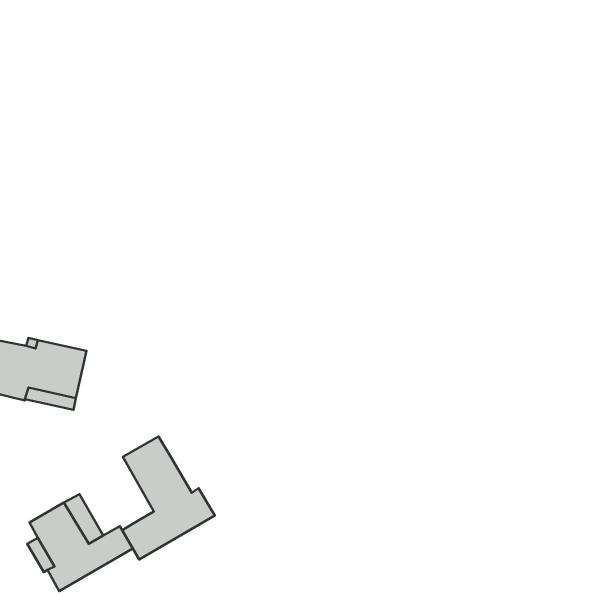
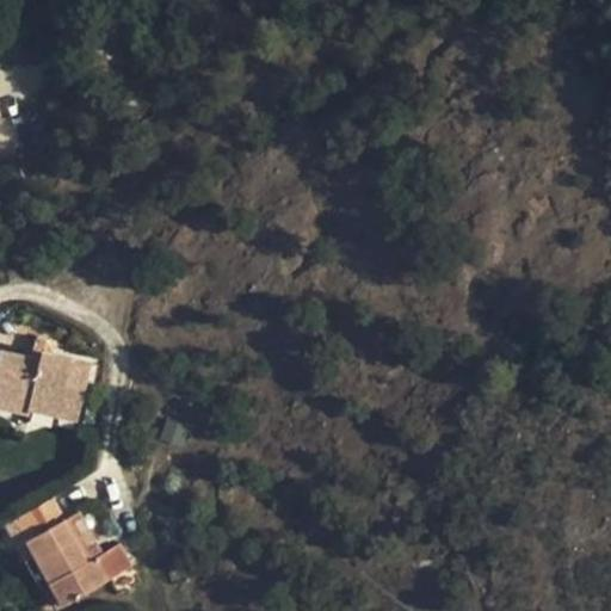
building: [122,436,215,559] -> none

